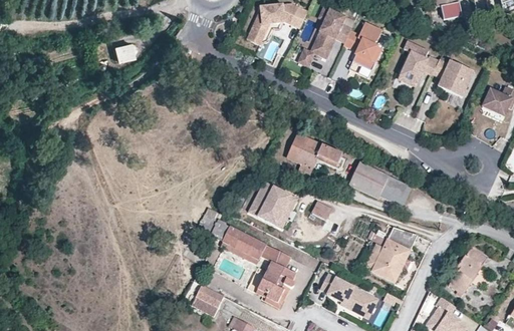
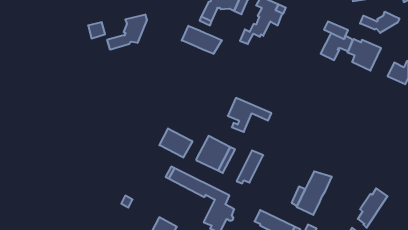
building: [347,25,386,73] -> none
building: none -> [360,12,399,33]
building: none -> [107,14,147,50]
building: none -> [182,26,222,54]
building: [348,162,407,205] -> none
building: none -> [159,128,192,158]

